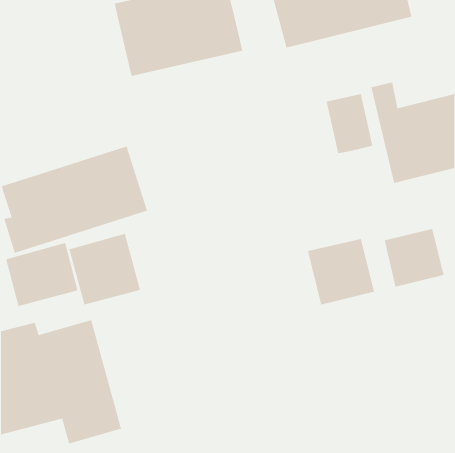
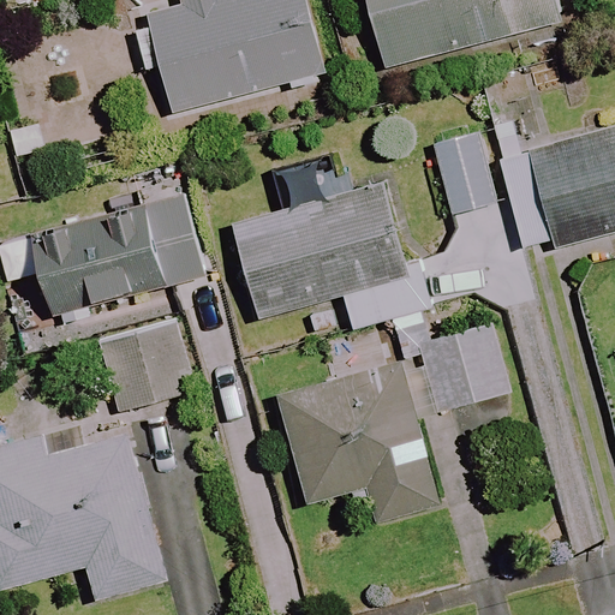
building: none -> [234,186,438,322]
building: [384,228,444,288] -> none
building: [6,242,78,307] -> none
building: none -> [250,364,434,521]

